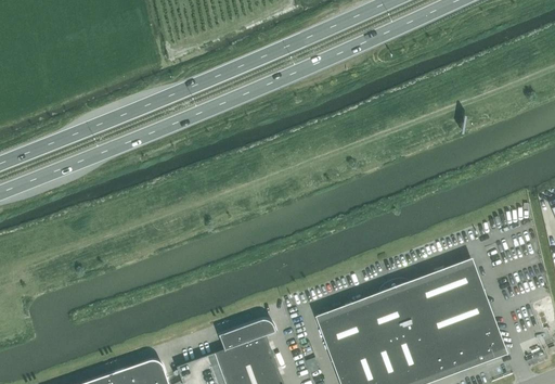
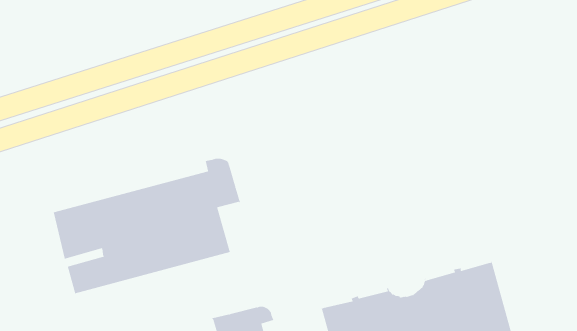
building: none -> [53,158,241,294]

